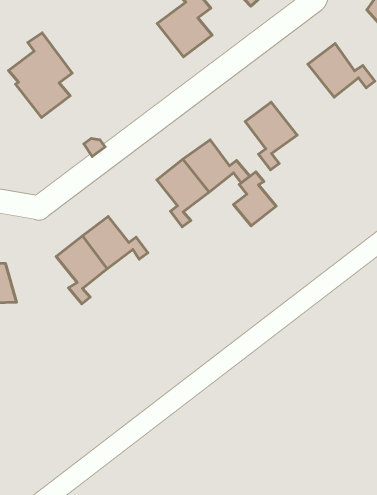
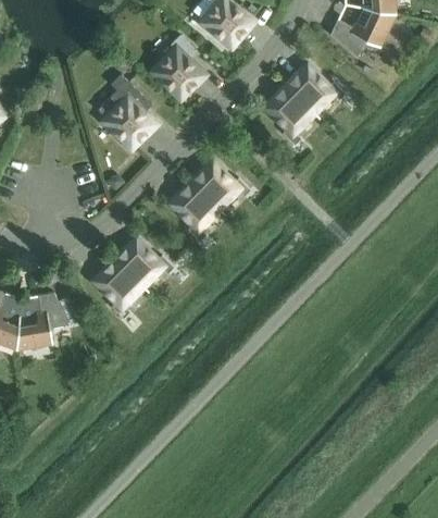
building: [8,33,72,117] -> [96,74,151,146]
building: [245,102,297,170] -> [265,87,311,145]
building: [233,172,276,226] -> none

